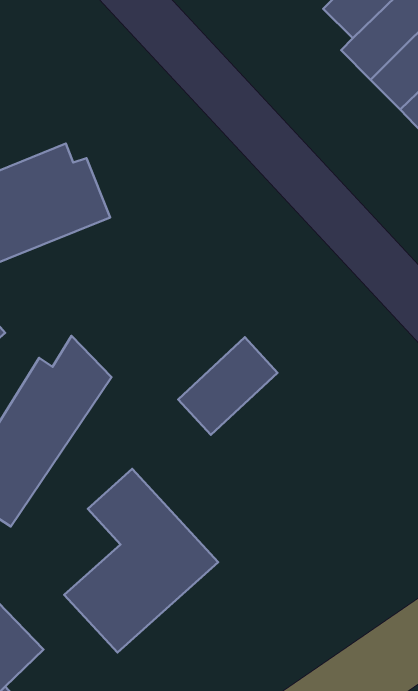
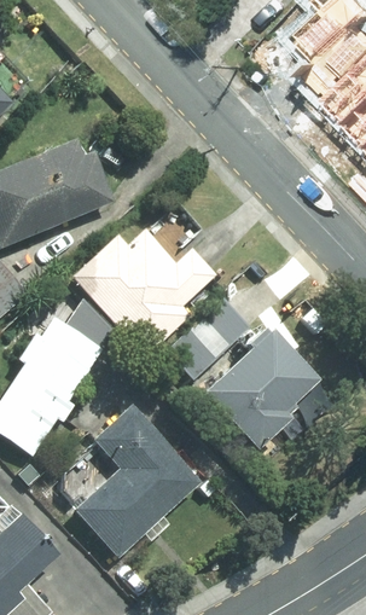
building: none -> [74,231,215,355]
building: none -> [205,330,318,448]

